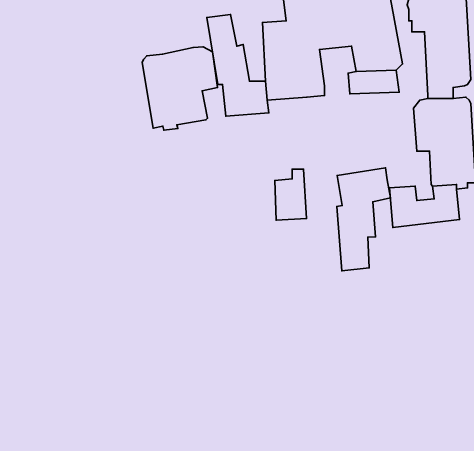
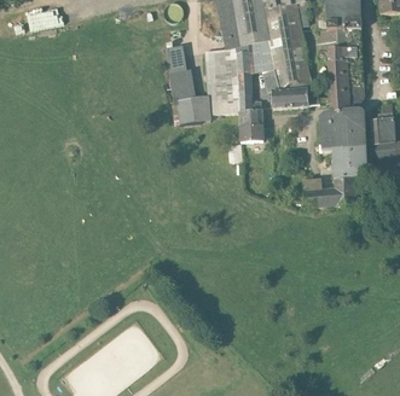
building: [142,47,218,130] -> none
building: [337,168,390,271] -> none
building: [275,169,307,220] -> [239,99,263,138]

